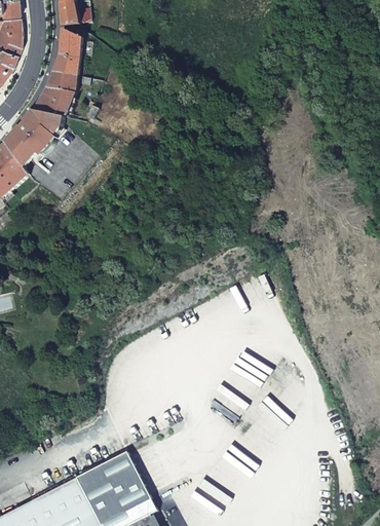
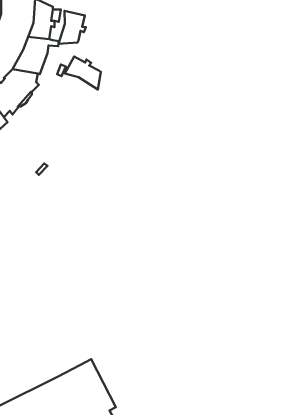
building: none -> [58,11,86,44]
building: none -> [65,57,101,90]

